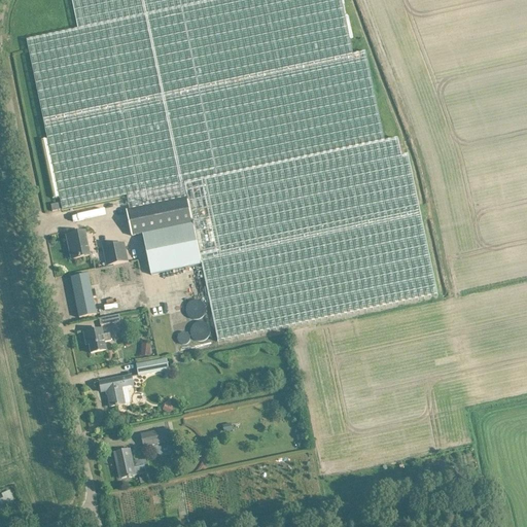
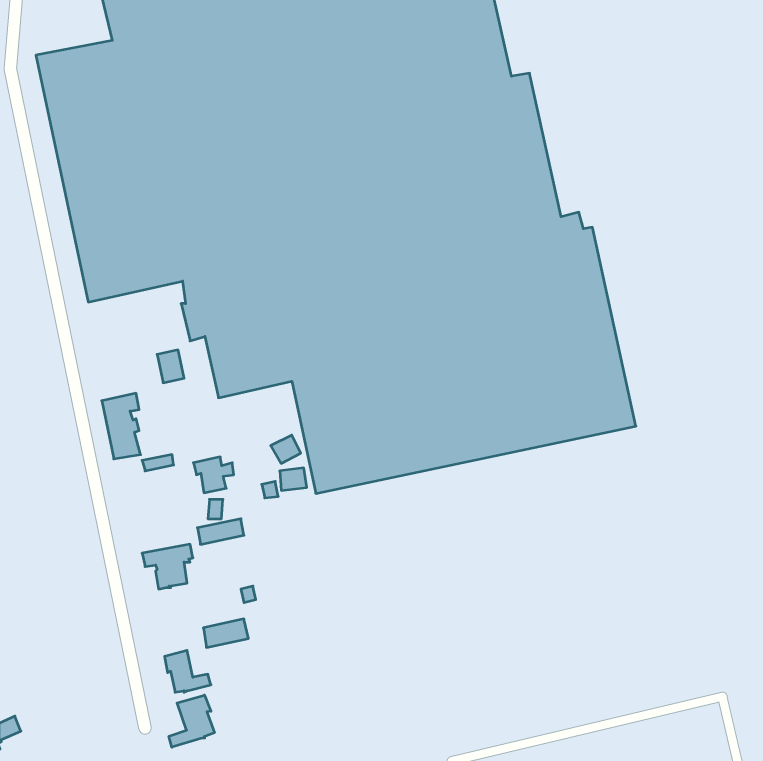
building: [65,231,89,257] -> none
building: [82,327,110,352] -> [193,457,234,493]
building: none -> [169,695,214,747]

